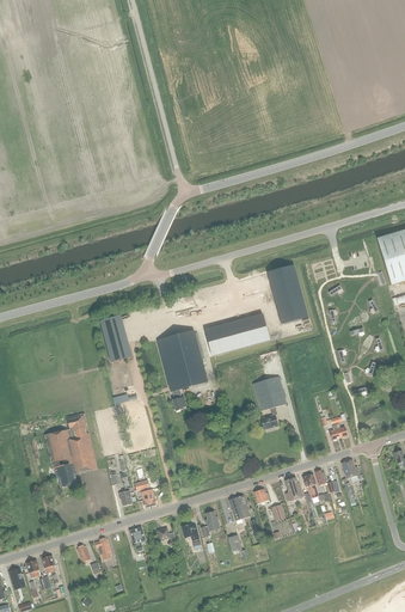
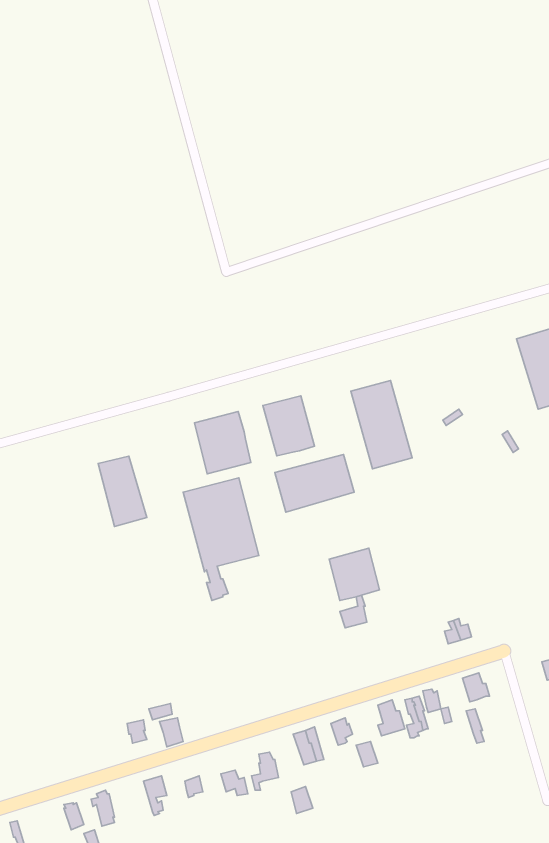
building: none -> [263,396,315,456]
building: none -> [194,412,251,474]
building: [44,412,96,486] -> none

